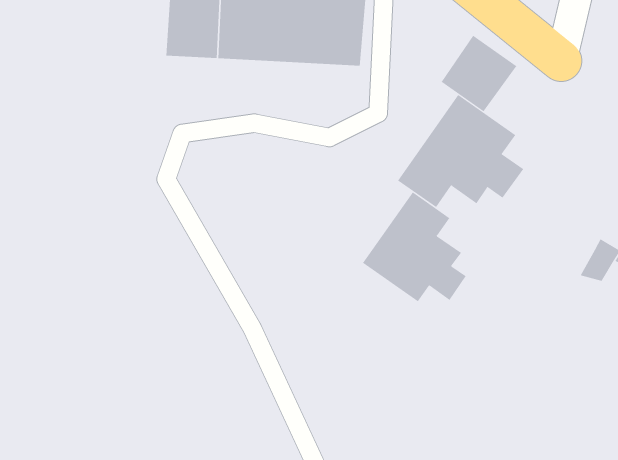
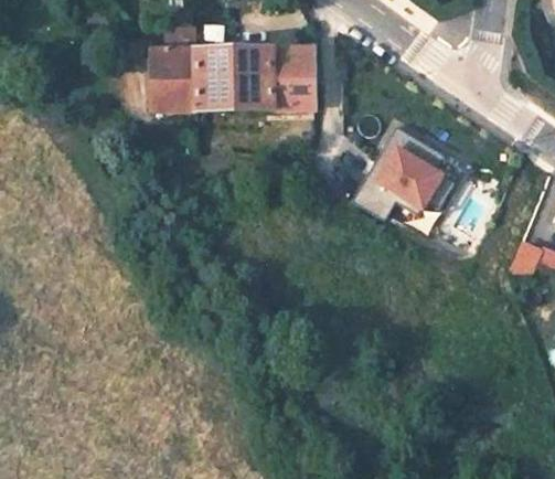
building: [441,35,517,112] -> none
building: [362,191,466,302] -> none

